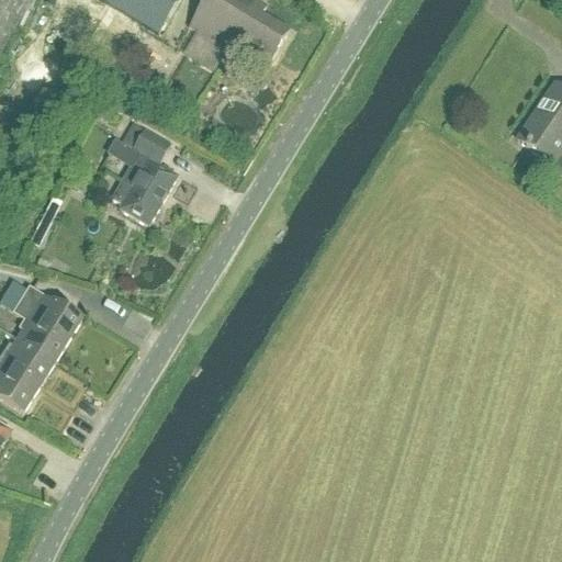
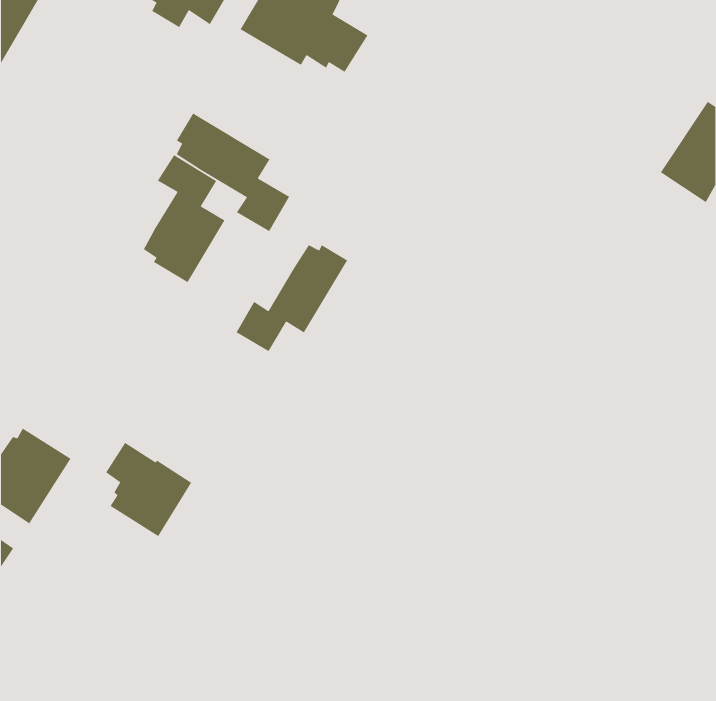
building: none -> [176,113,290,232]
building: none -> [235,244,348,352]
building: [14,284,82,359] -> [105,442,192,537]

